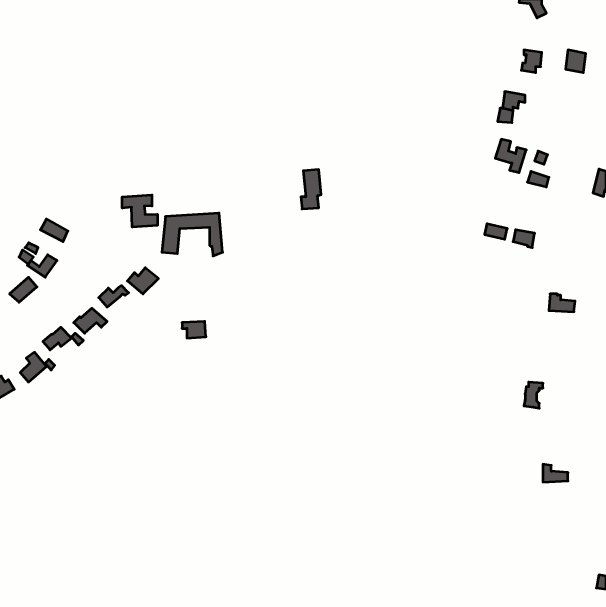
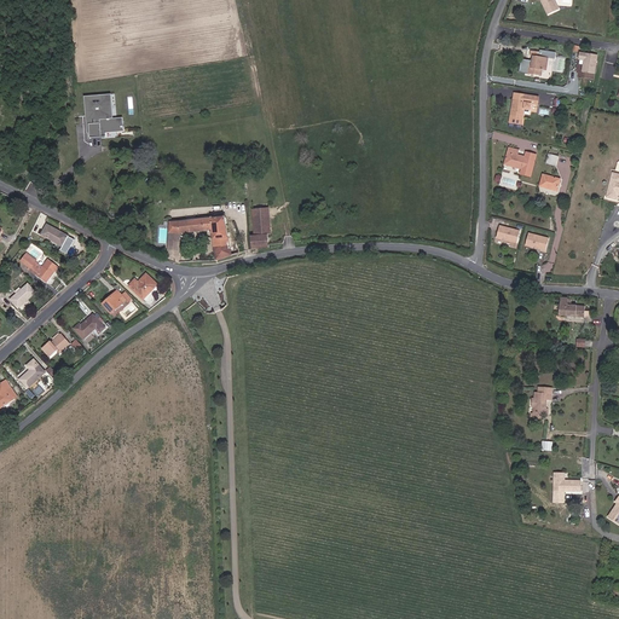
building: none -> [89,94,125,133]
building: [301,170,321,209] -> [248,207,268,247]
building: [122,195,157,227] -> none

